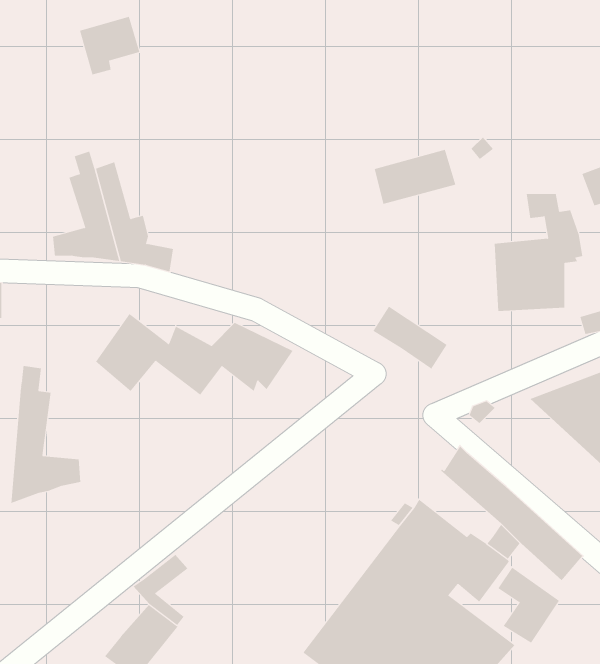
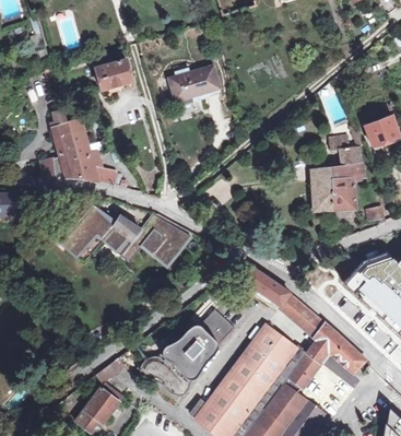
building: [79,16,140,75] -> [96,59,133,95]
building: [374,149,456,205] -> [170,67,221,101]
building: [373,306,448,370] -> [245,268,291,307]
building: [11,365,81,504] -> none
building: none -> [141,313,234,397]

